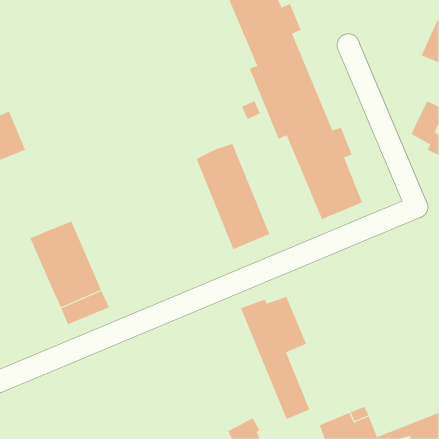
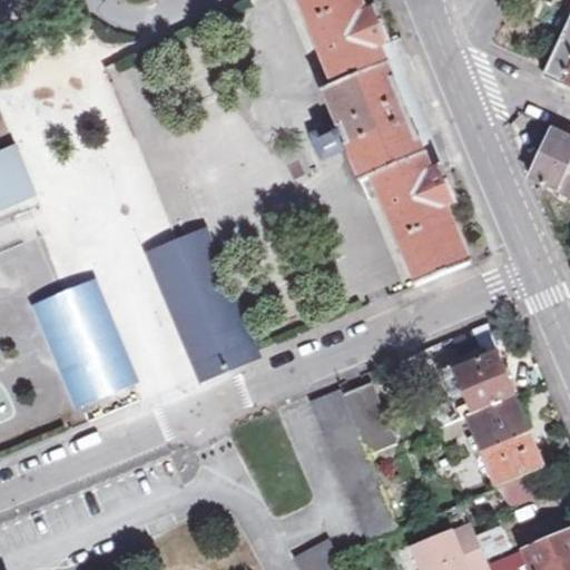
building: [196,143,270,250] -> [154,234,249,371]
building: none -> [439,352,539,482]

